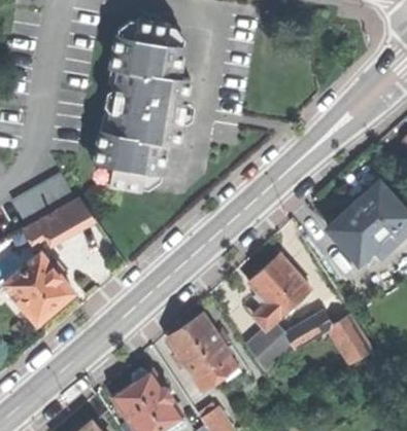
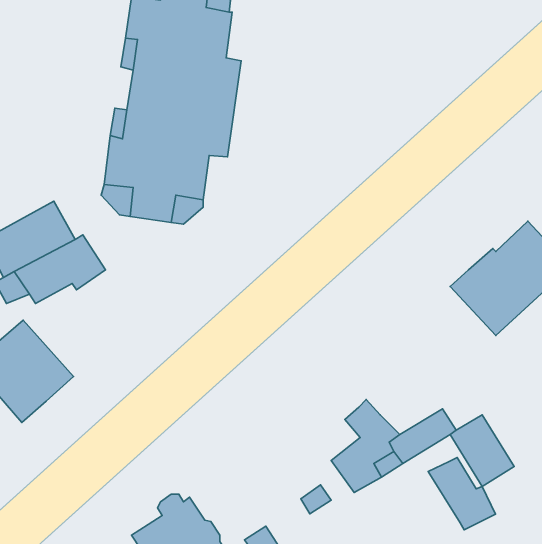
building: [248,254,310,316] -> none
building: [168,314,227,385] -> none
building: none -> [428,458,495,530]

